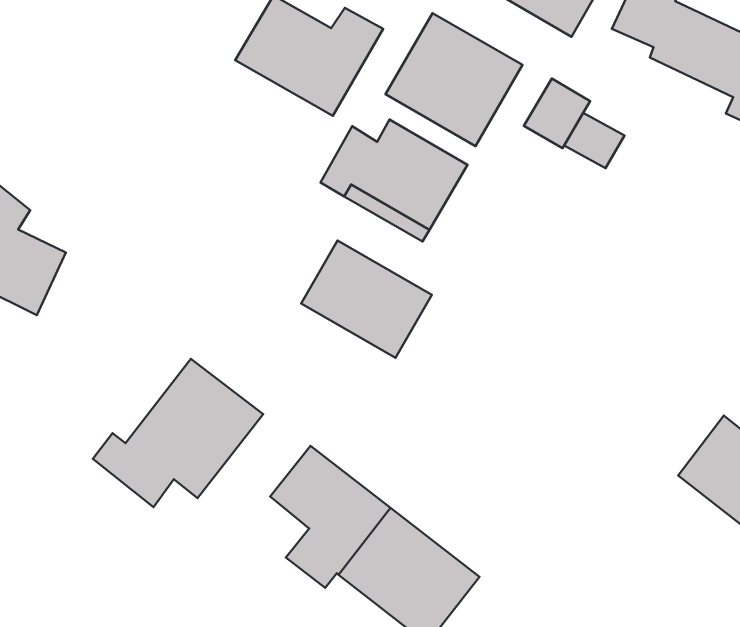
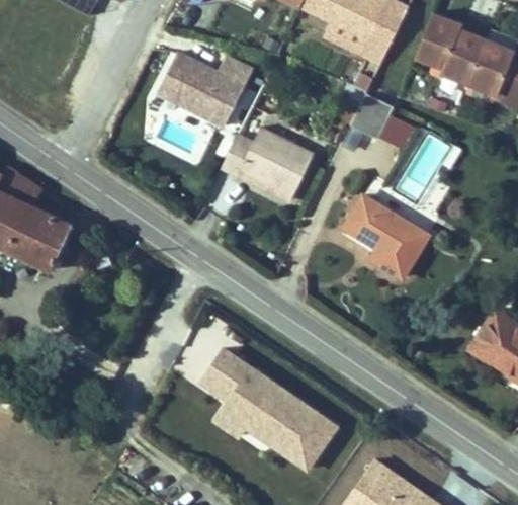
building: [385,13,522,146] -> none
building: none -> [340,188,433,277]
building: [301,241,432,358] -> none
building: [93,359,263,507] -> none

